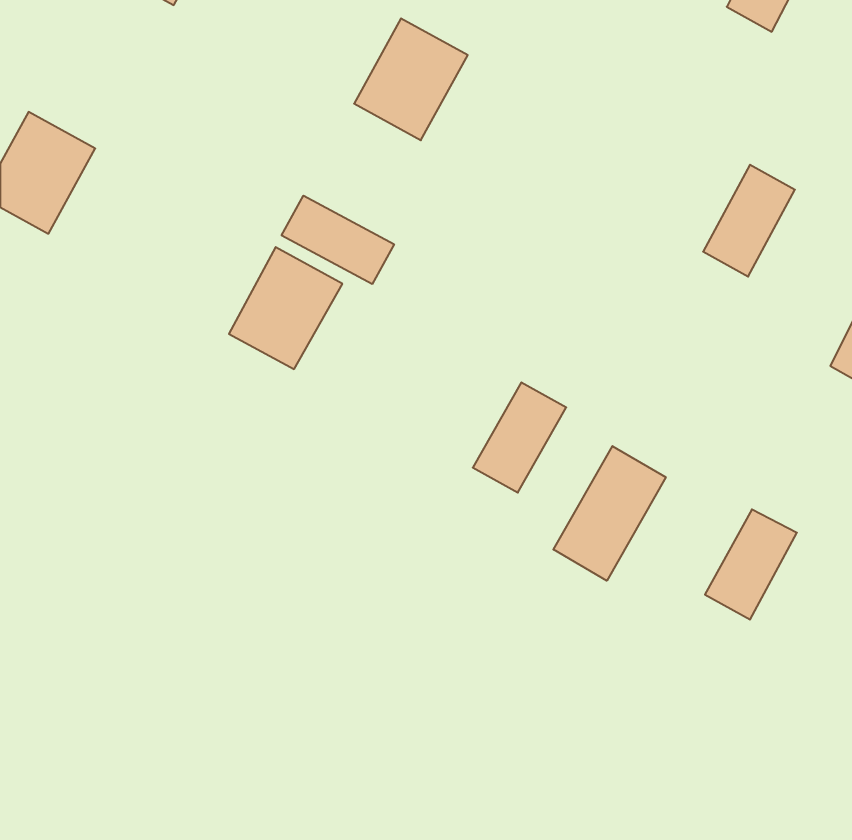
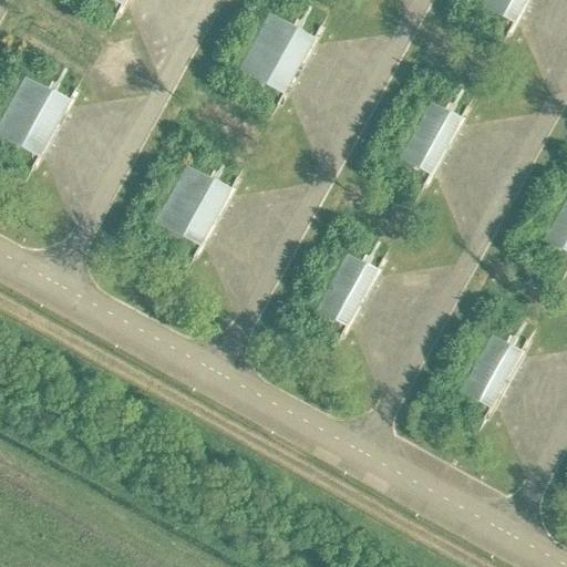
building: [703,165,795,277] -> [399,101,460,175]
building: [282,196,394,284] -> none
building: [553,446,666,581] -> none

